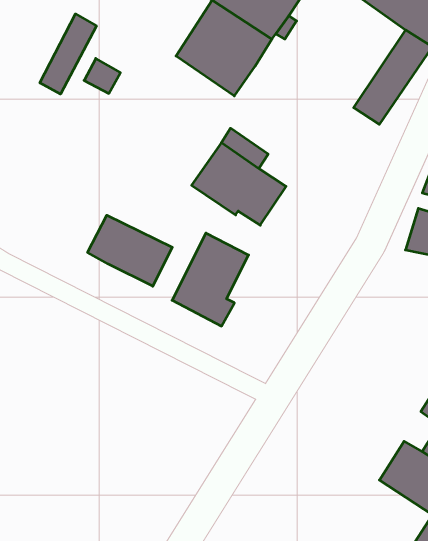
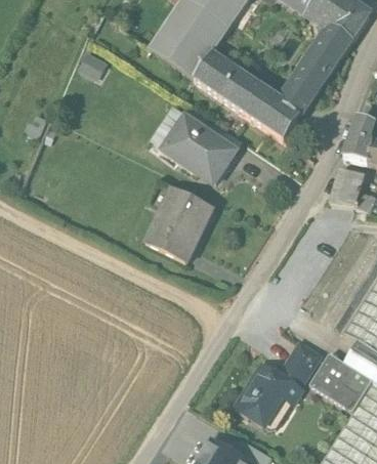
building: [40,14,96,94] -> none
building: none -> [197,55,311,140]
building: [88,215,172,286] -> none
building: none -> [286,340,321,376]
building: none -> [234,366,302,422]

